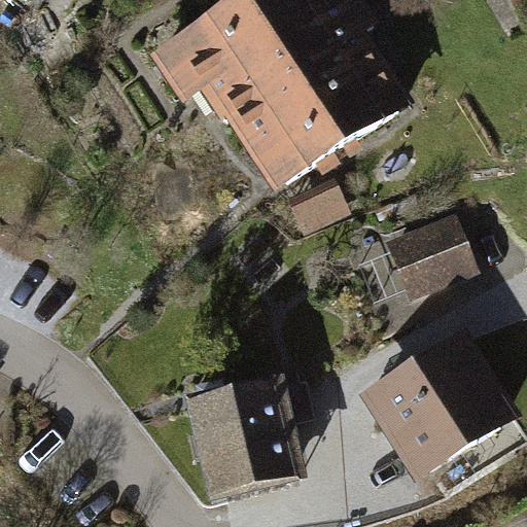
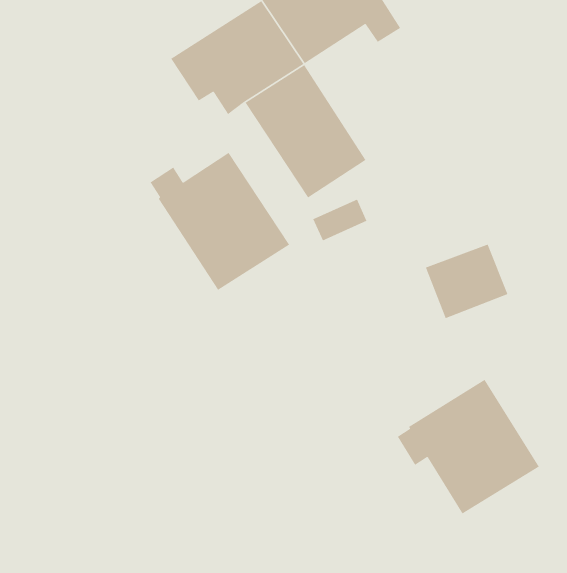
building: [278,23,390,146] -> none
building: none -> [150,152,290,291]
building: [187,381,282,493] -> none

